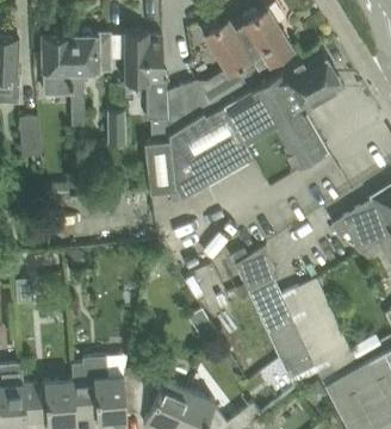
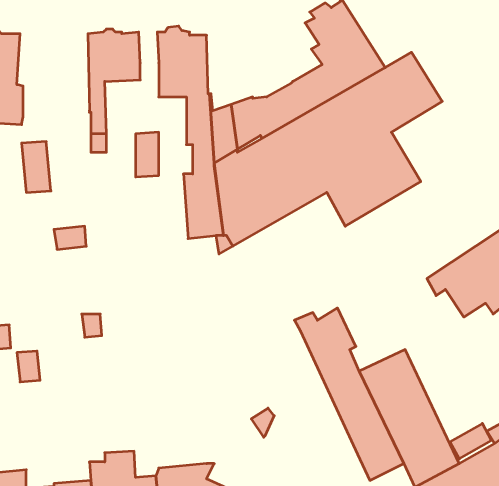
building: [203,19,250,72] -> none
building: [44,32,72,97] -> none

